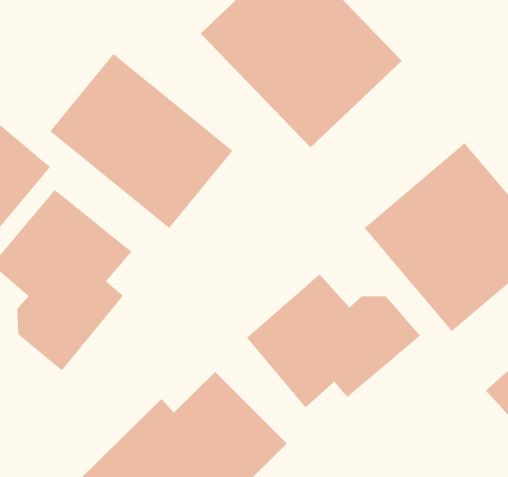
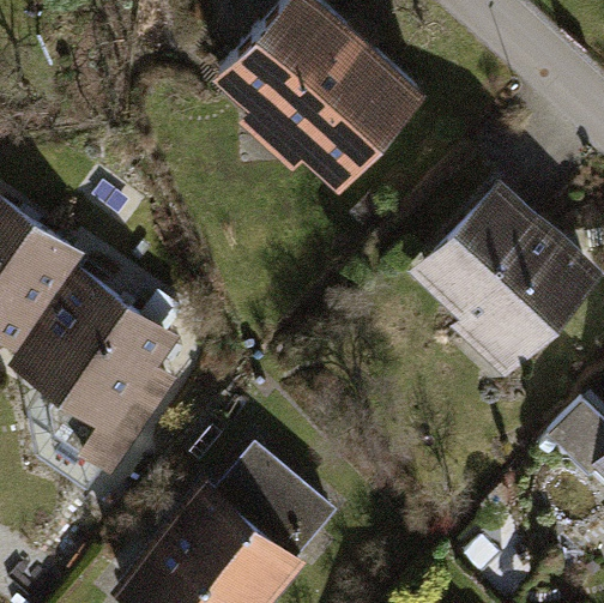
building: [49,53,233,229] -> none
building: [246,273,421,408] -> none

